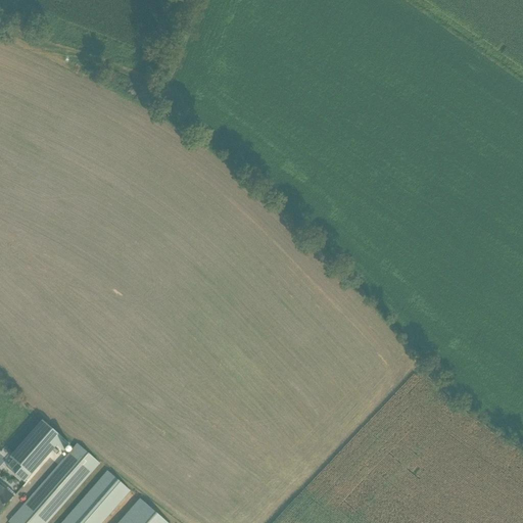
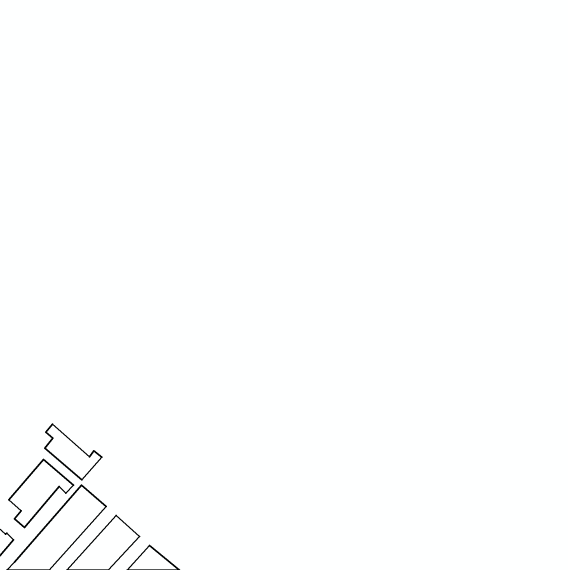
building: none -> [45,424,102,480]

